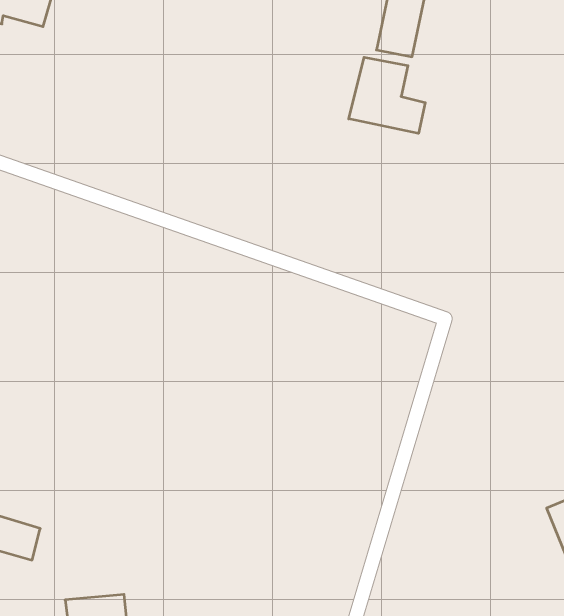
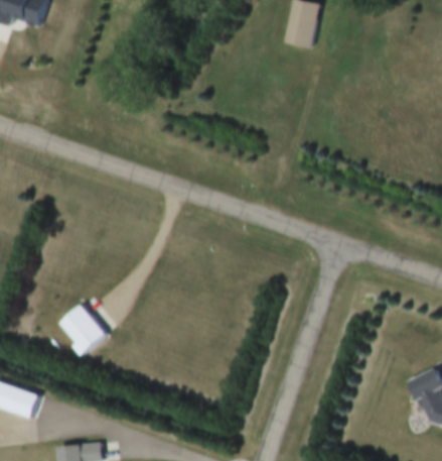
building: [349,57,425,133] -> none
building: none -> [60,305,107,356]

